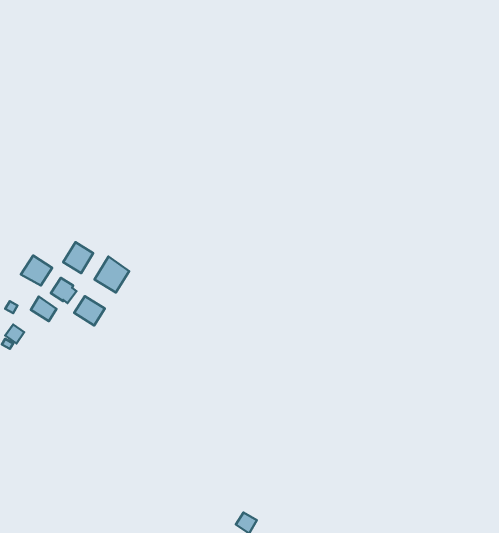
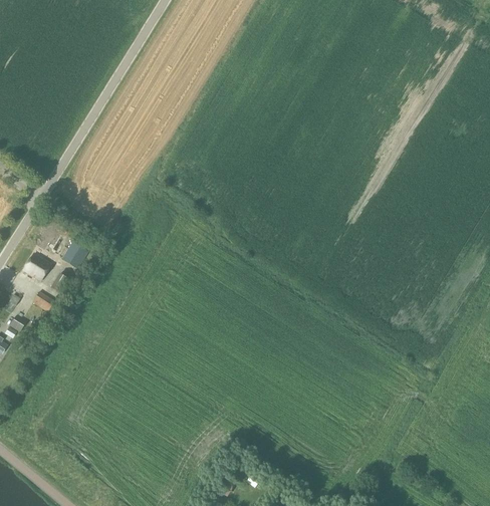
building: [95,257,129,292] -> none
building: [74,296,105,325] -> none

